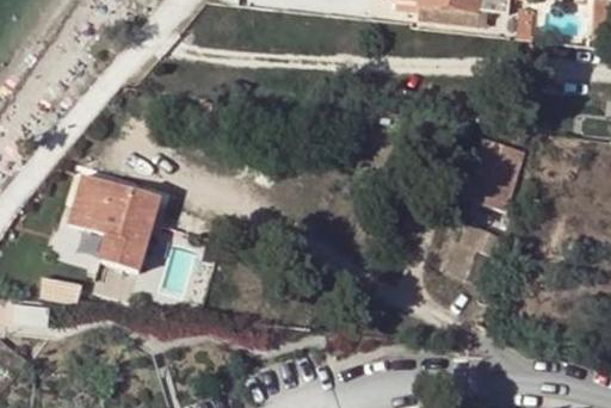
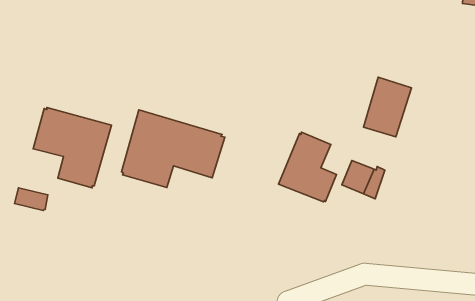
building: none -> [121,110,225,188]
building: none -> [279,132,336,202]

